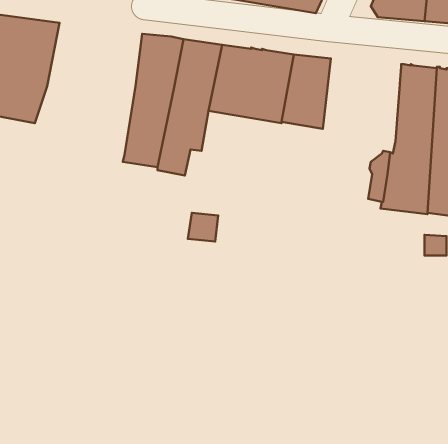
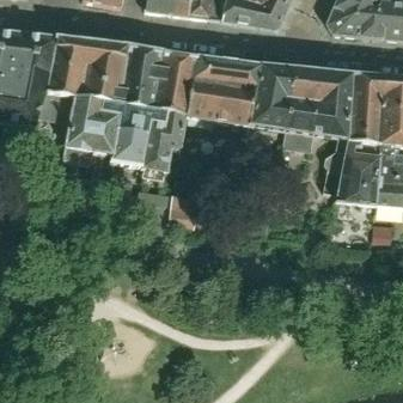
building: none -> [45,36,128,160]
building: none -> [283,67,353,147]

